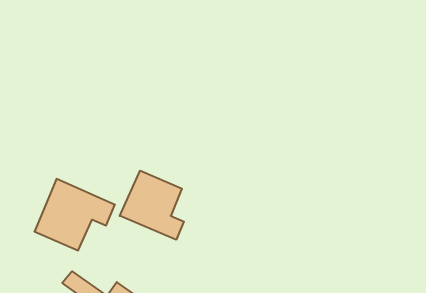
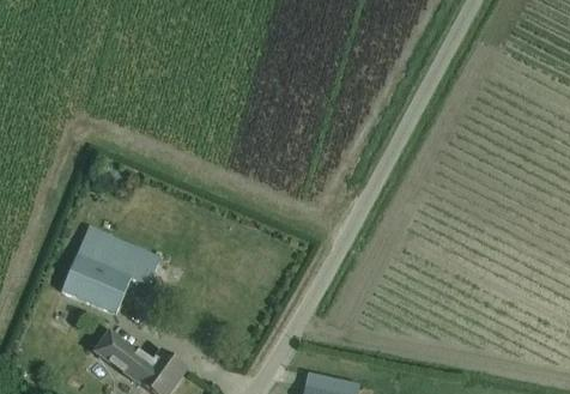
building: [120,171,184,240] -> none

